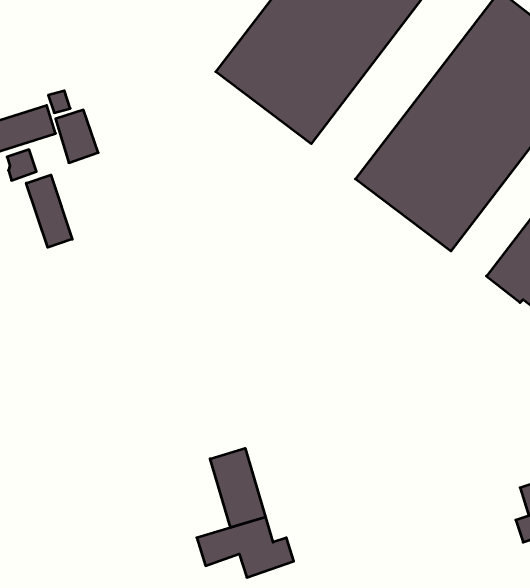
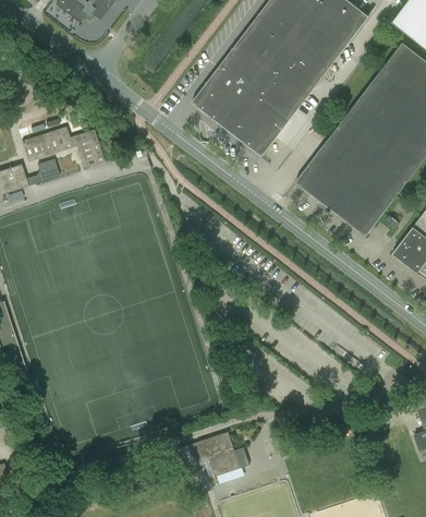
building: [26,175,72,247] -> none
building: [210,448,266,528] -> none

